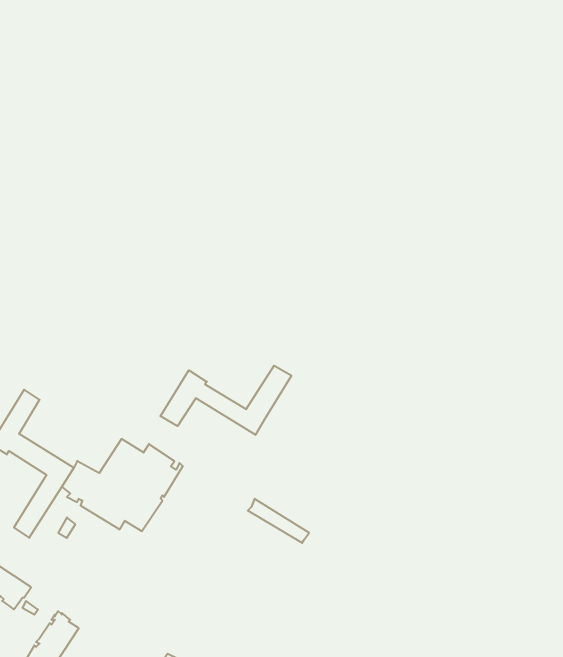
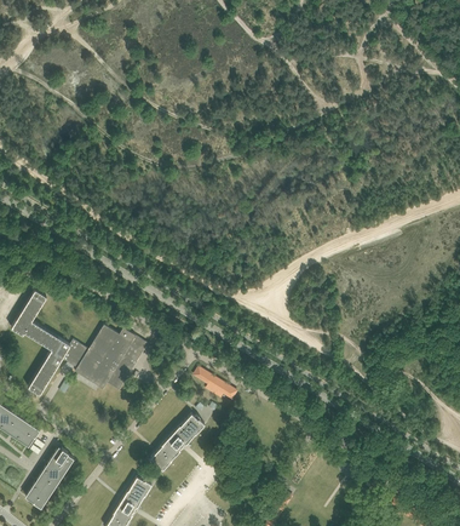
building: [160,366,291,435] -> none
building: none -> [150,414,205,470]

